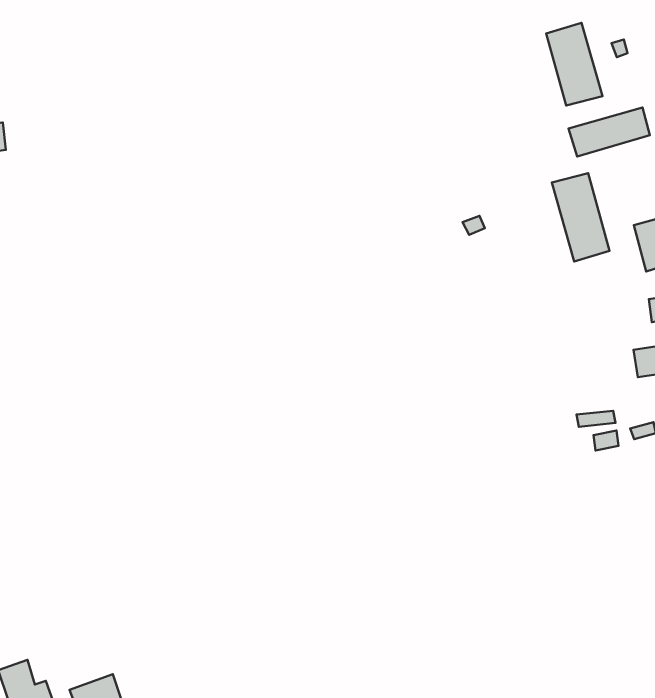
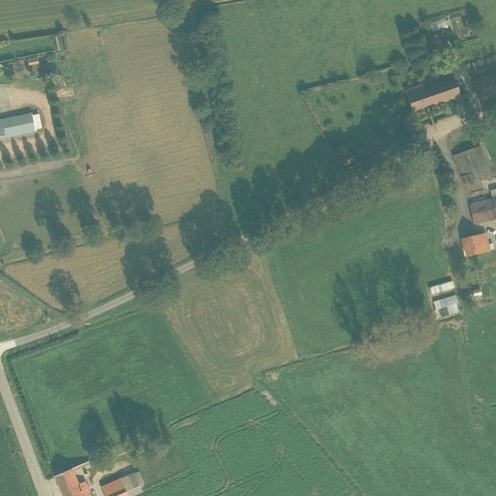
building: [546,23,602,106] -> none
building: [552,173,610,261] -> none

